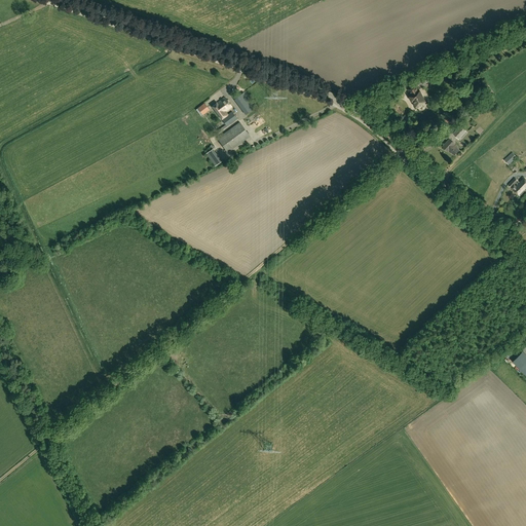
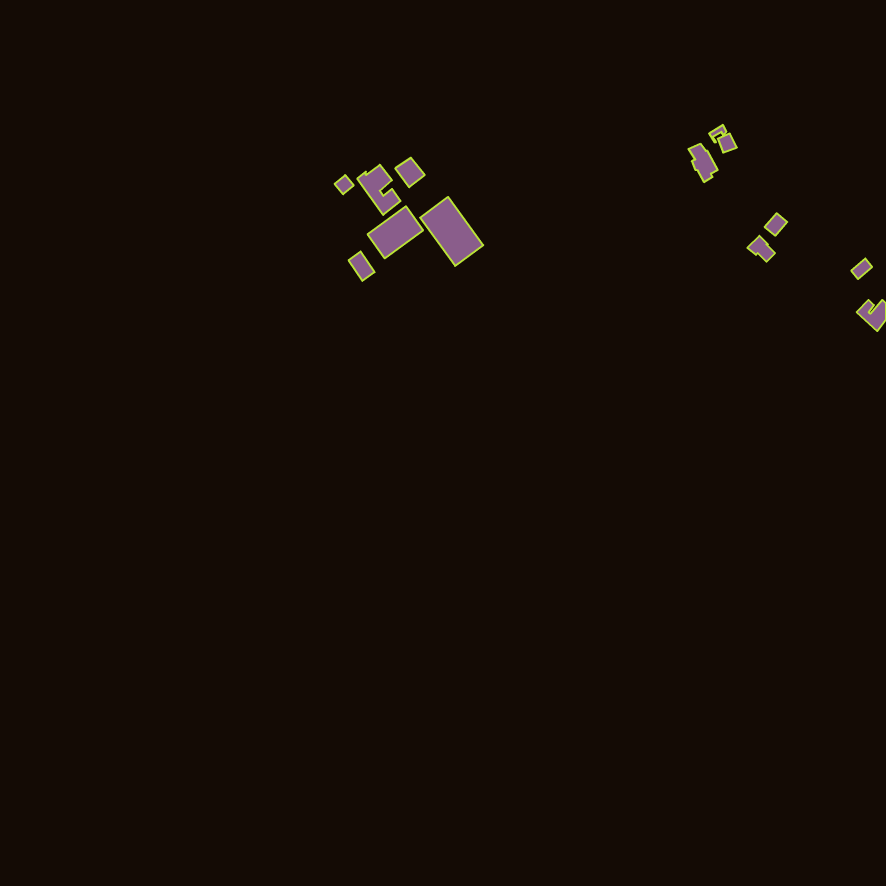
building: none -> [420,197,483,266]

